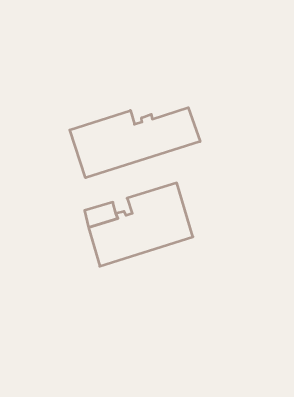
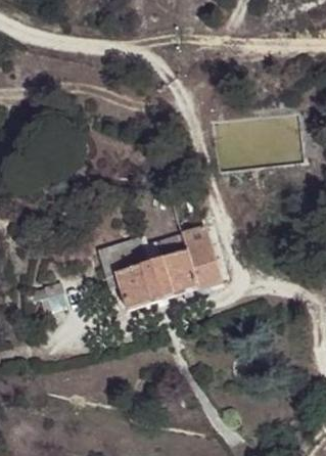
building: [70,108,200,178] -> none

